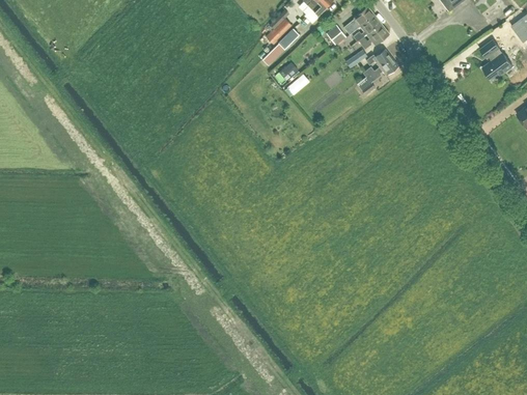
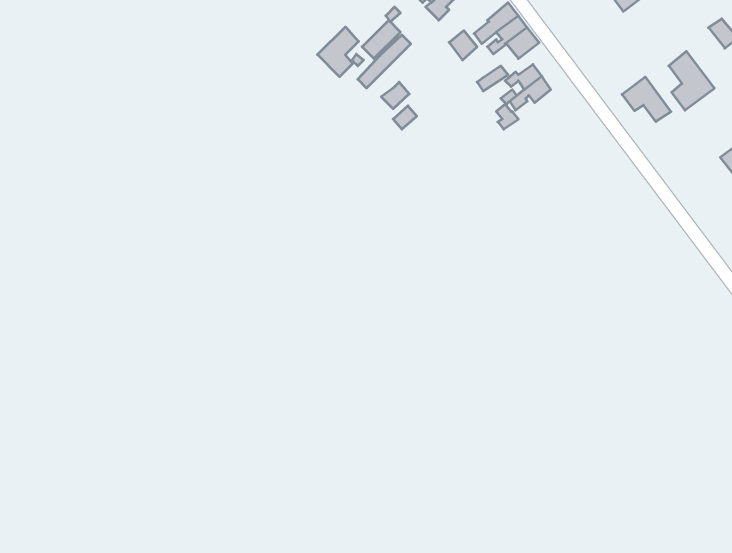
building: none -> [317,27,359,77]
building: none -> [622,77,671,122]

